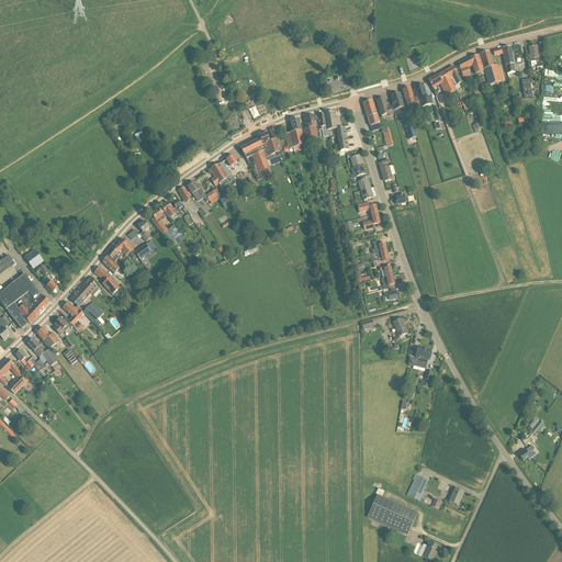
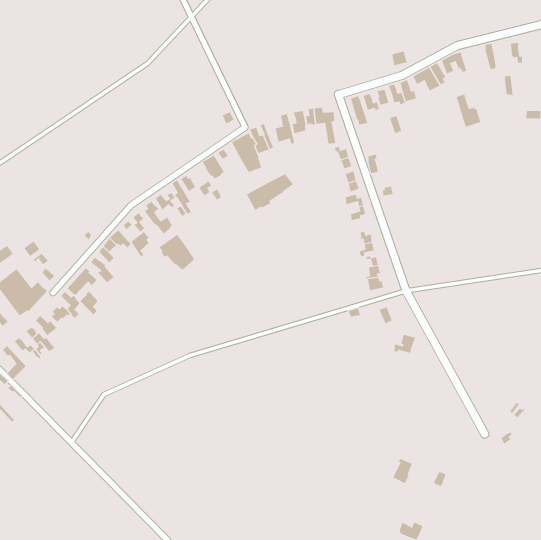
building: [479,49,505,85] -> [456,94,481,127]
building: none -> [246,174,294,211]
building: none -> [158,234,195,270]
building: [367,493,416,533] -> none

